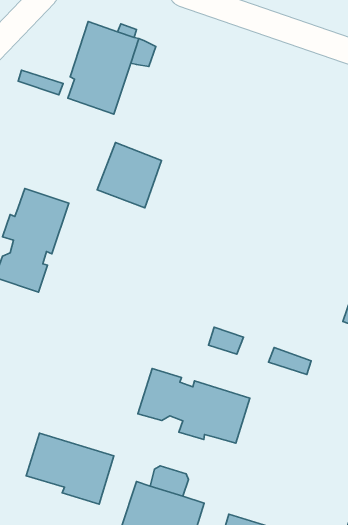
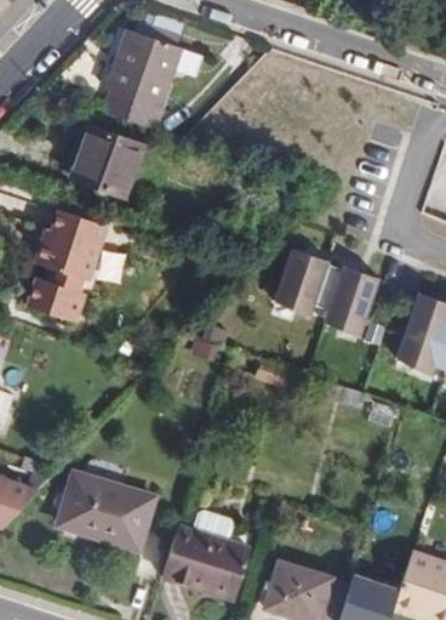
building: [97,142,162,208] -> [69,125,138,195]
building: none -> [271,246,373,323]
building: [138,368,250,443] -> none

